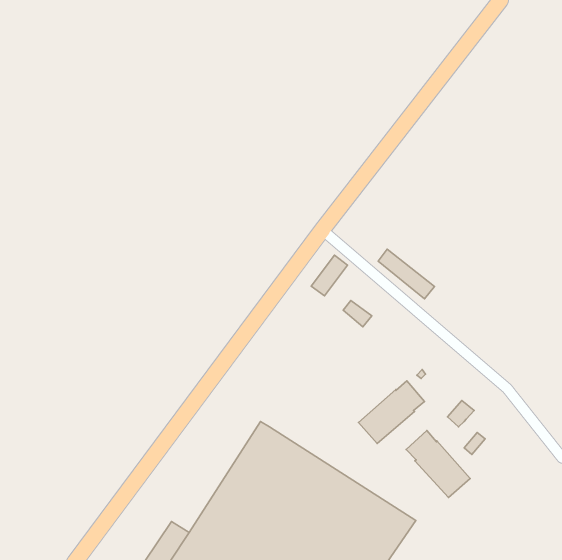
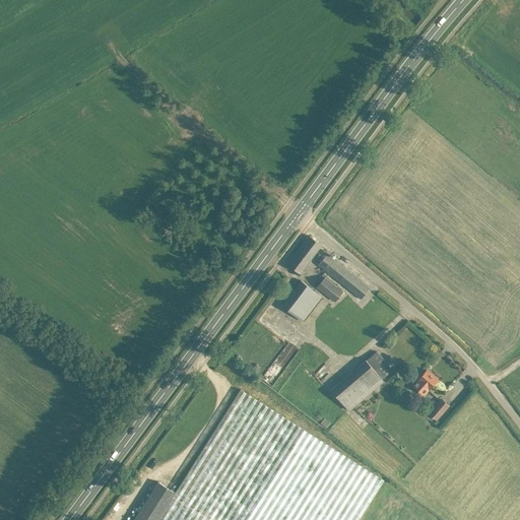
building: [378,249,434,299] -> [318,255,370,301]
building: none -> [282,282,322,322]
building: [406,431,470,497] -> none

